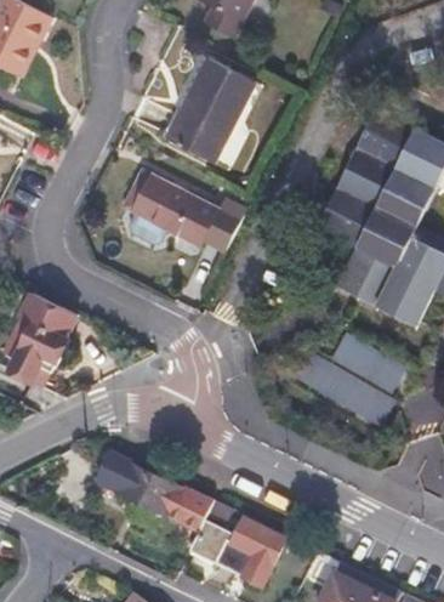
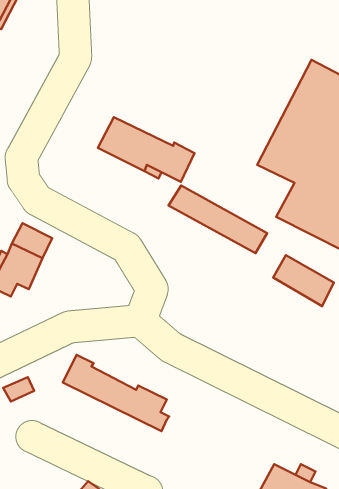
building: [170,59,256,163] -> none
building: [280,350,393,427] -> [169,185,267,253]
building: [197,516,284,583] -> none

